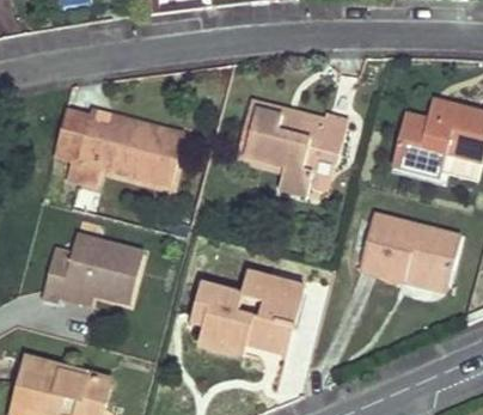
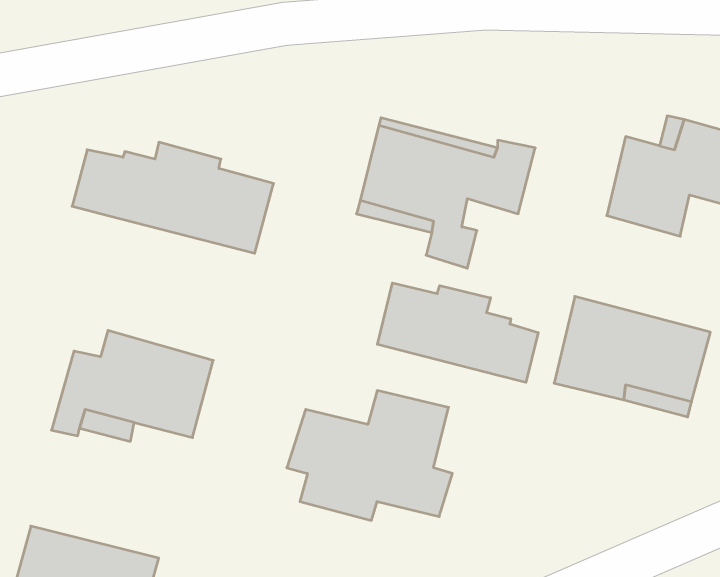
building: none -> [377,283,538,382]

